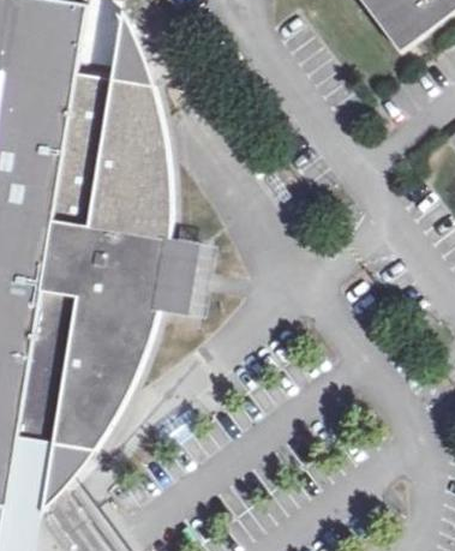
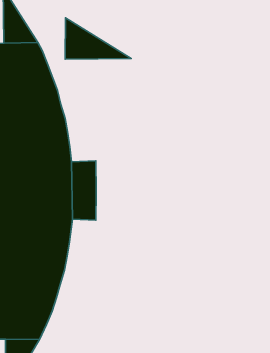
building: none -> [65,18,131,59]

